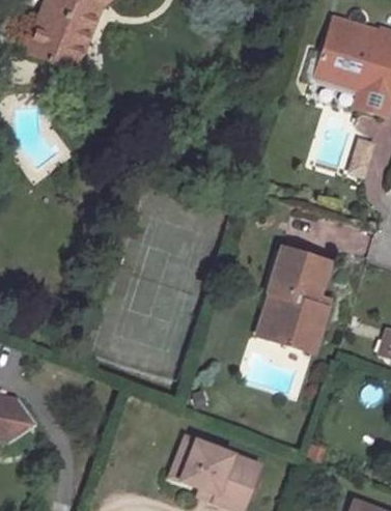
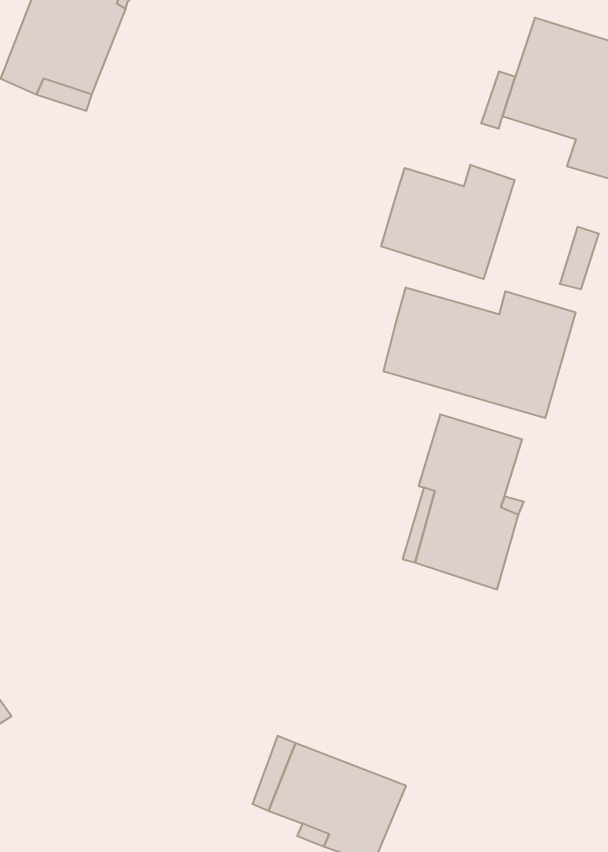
building: none -> [381,165,515,279]
building: none -> [384,287,576,418]

